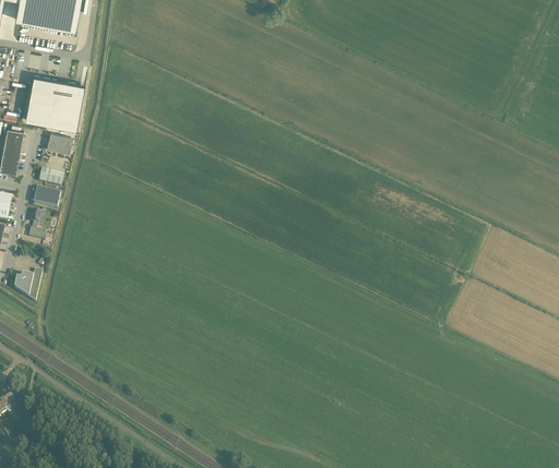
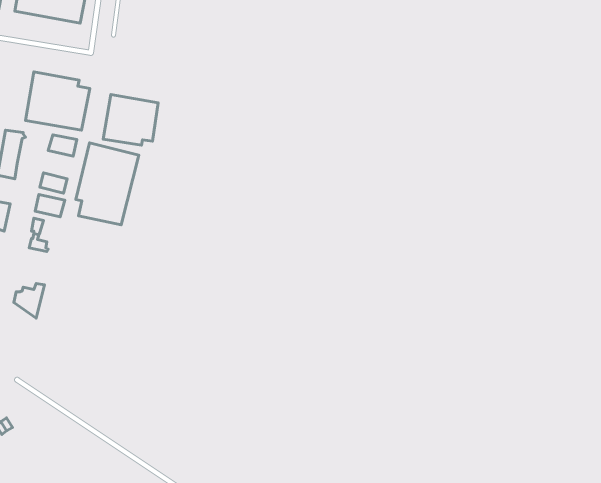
building: none -> [103,95,158,145]
building: none -> [76,143,139,225]

